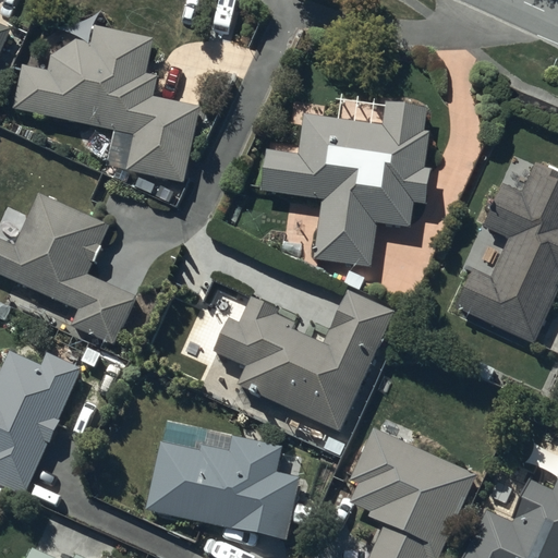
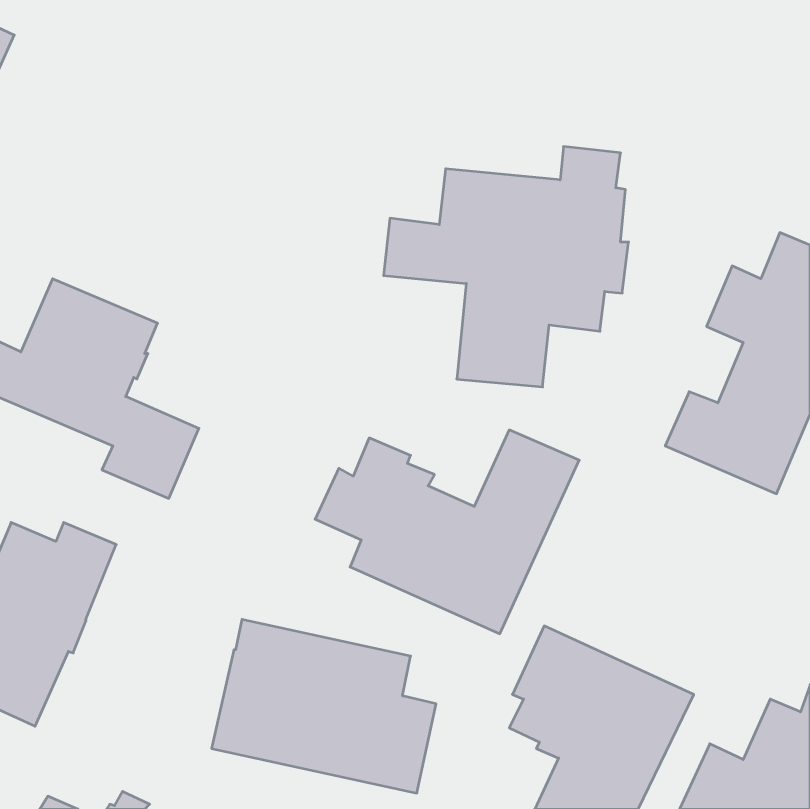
building: [12,23,199,180] -> none

